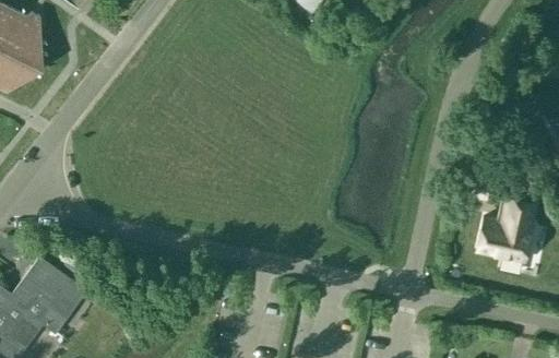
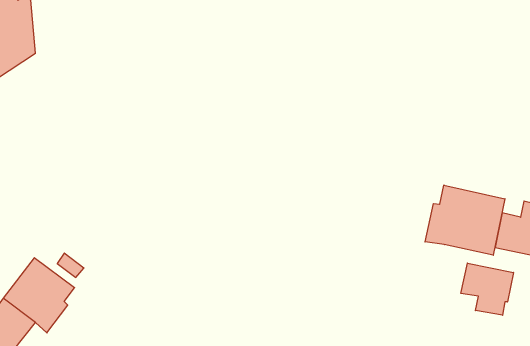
building: none -> [425,185,505,255]
building: none -> [461,263,513,315]

